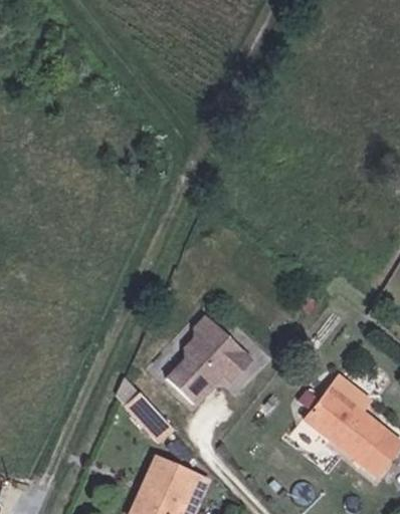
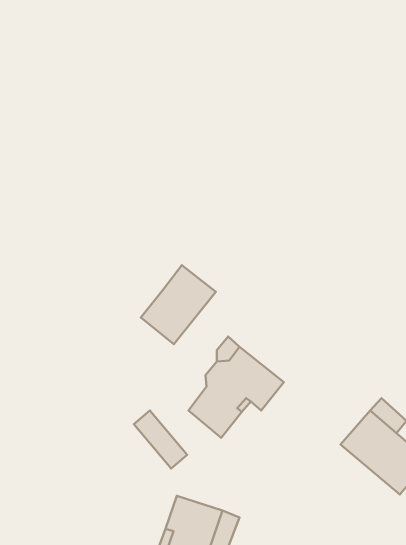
building: none -> [141,265,216,344]

